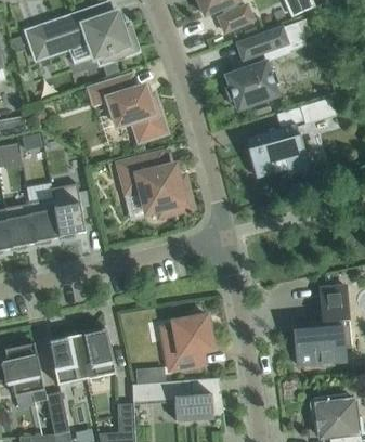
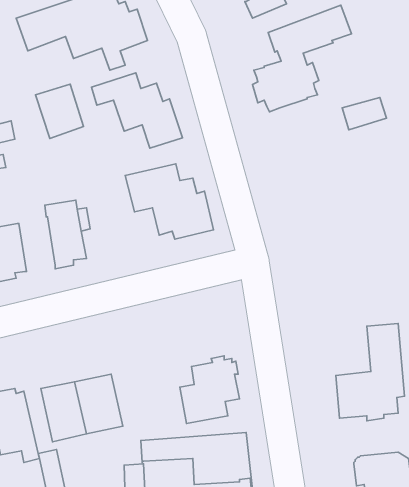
building: none -> [36,84,84,138]
building: [245,123,309,178] -> none
building: [27,197,58,246] -> none

